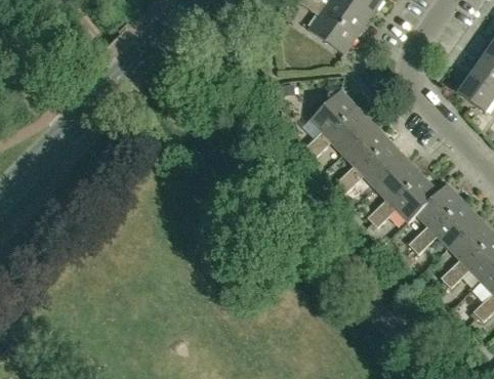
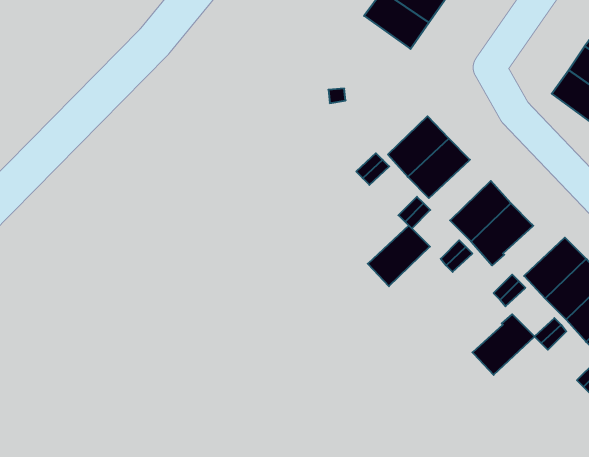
building: [310,89,358,136] -> none
building: [359,140,407,187] -> [368,226,430,286]
building: [416,183,464,230] -> [472,314,535,375]

